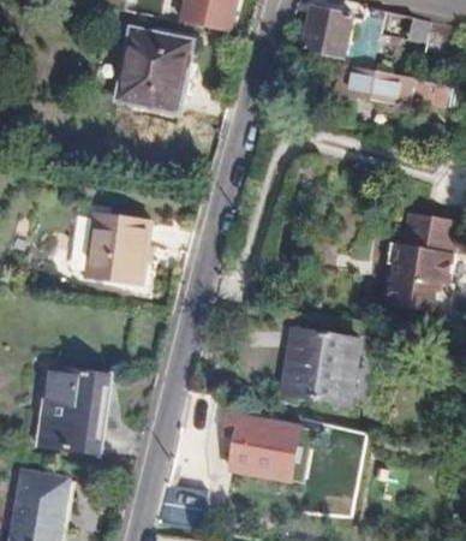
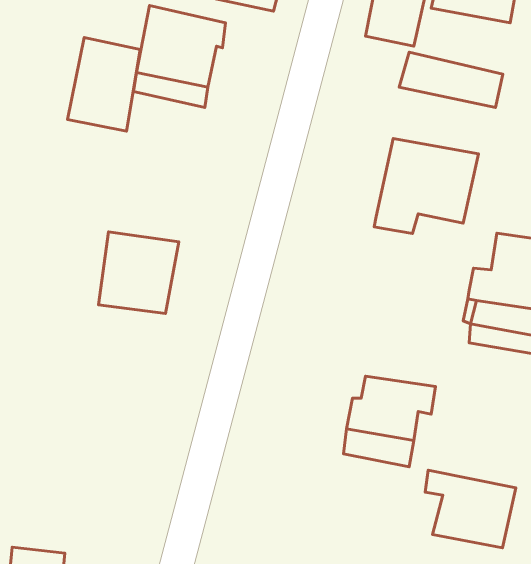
building: none -> [67,37,140,131]
building: none -> [374,138,479,234]
building: [34,361,103,446] -> none
building: [226,415,300,478] -> [425,470,516,548]

